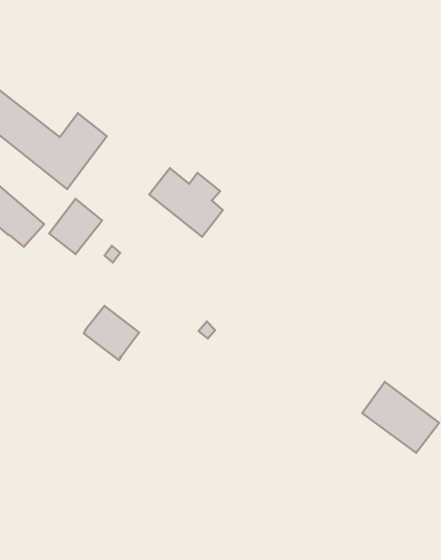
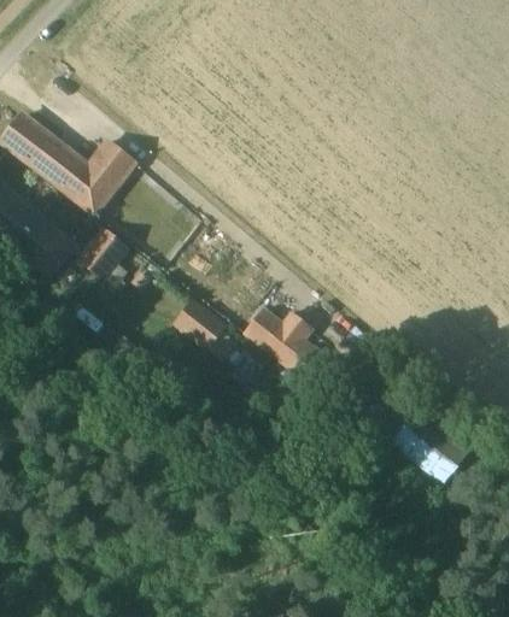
building: [149,168,223,237] -> [241,306,315,375]
building: [84,306,139,360] -> [174,295,229,349]

